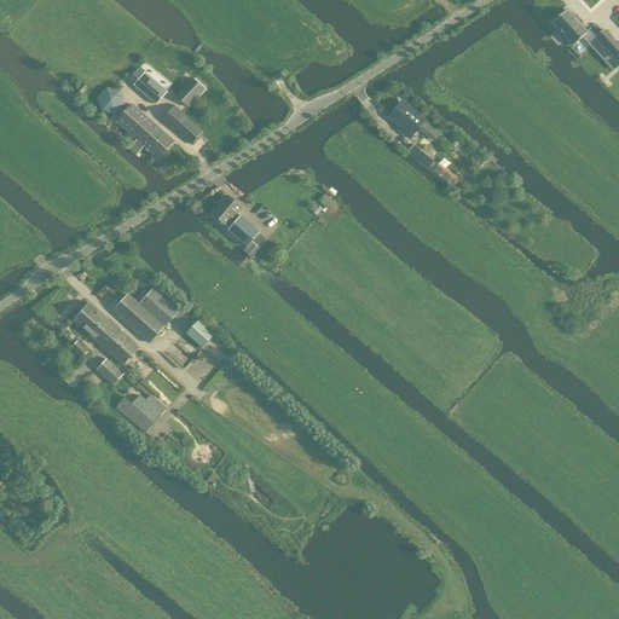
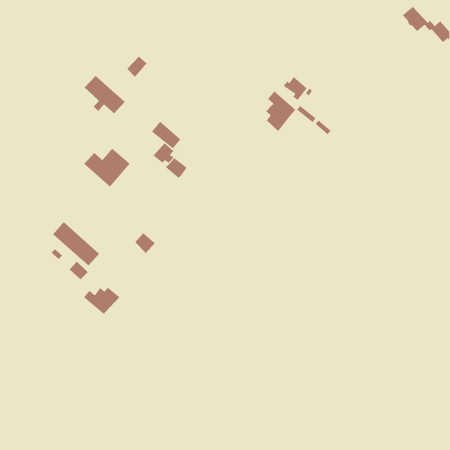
building: [131,70,164,103] -> none
building: [100,87,128,115] -> none
building: [160,104,201,143] -> [151,121,181,149]
building: none -> [265,91,296,132]
building: [111,288,175,342] -> [84,148,130,188]

